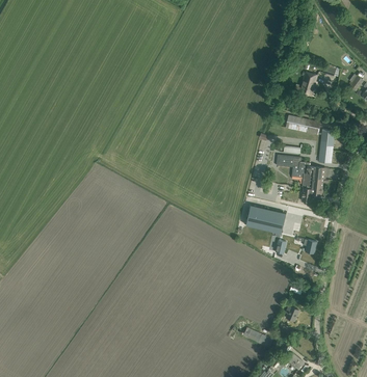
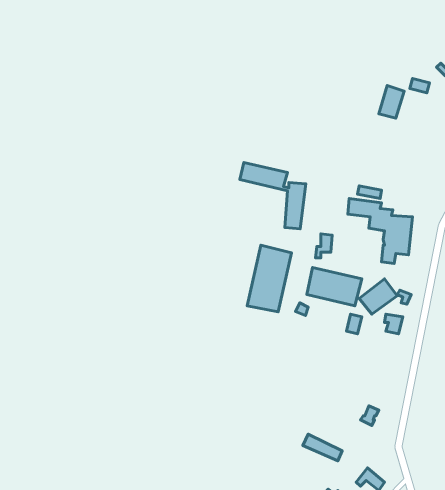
building: [286,114,335,163] -> [240,163,306,229]
building: none -> [247,245,291,312]

